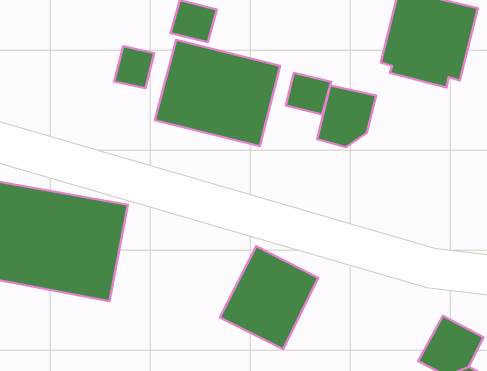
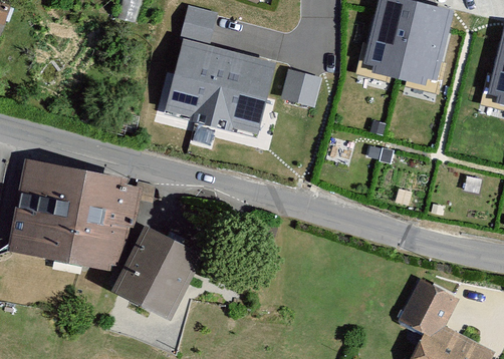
building: [114,46,154,88] -> none
building: [317,85,376,147] -> none
building: [220,246,318,349] -> [113,232,201,323]

